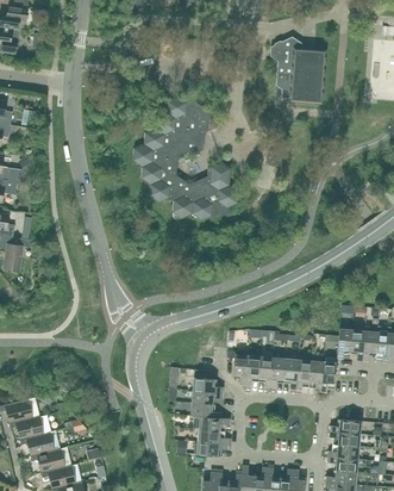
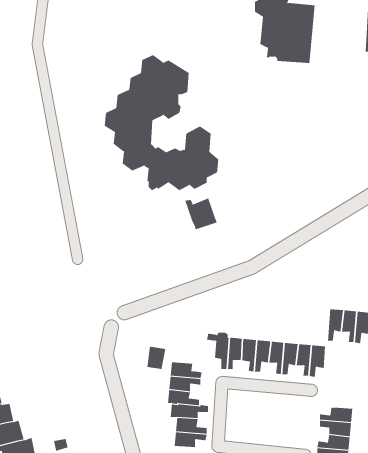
building: none -> [184,198,218,230]

